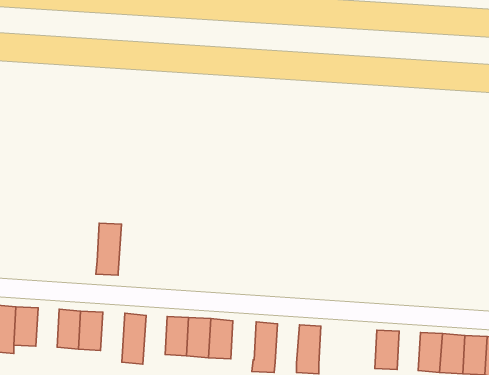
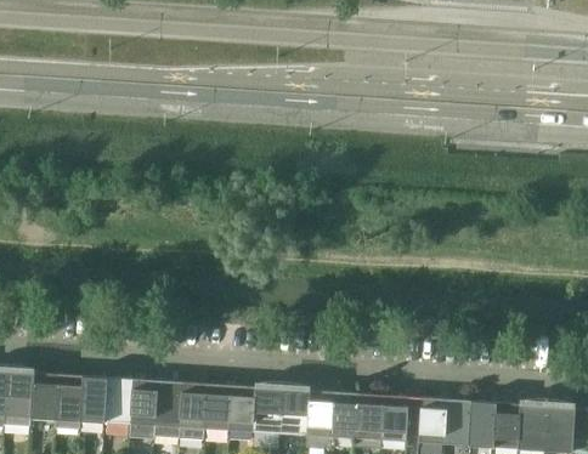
building: [96,223,121,275] -> [129,379,158,438]
building: none -> [55,374,83,429]
building: none -> [179,382,207,439]
building: none -> [279,388,309,433]
building: none -> [330,392,358,437]
building: none -> [380,395,408,441]
building: none -> [418,397,447,443]
building: none -> [470,401,497,446]

